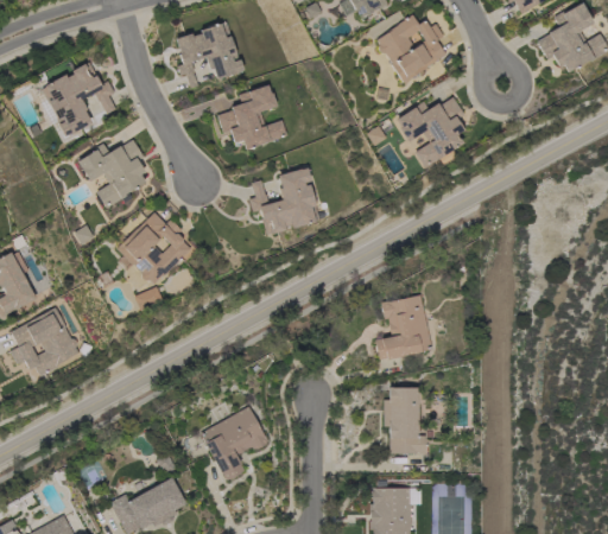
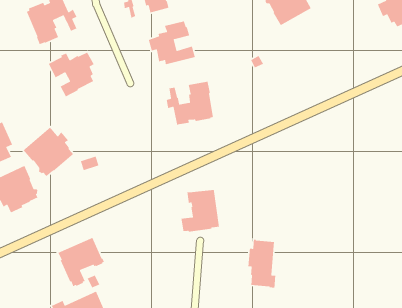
building: [395,97,464,169] -> none
building: [118,212,191,285] -> [22,126,74,177]
building: [375,295,432,360] -> [180,189,220,232]
building: [201,407,270,481] -> [57,237,105,287]

